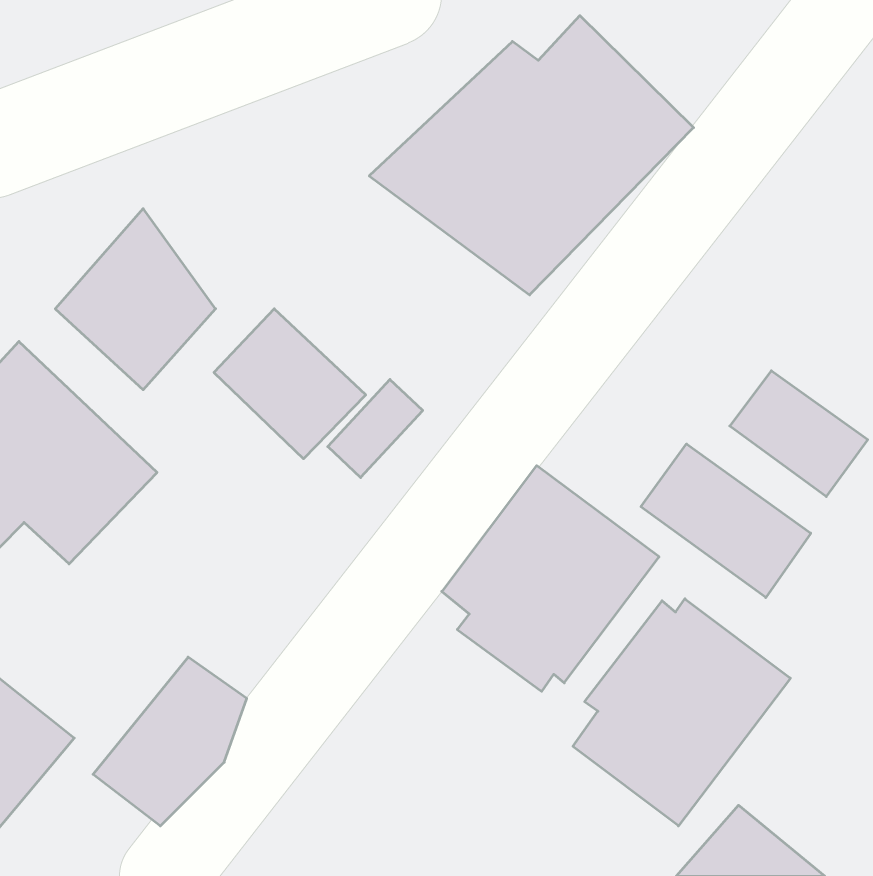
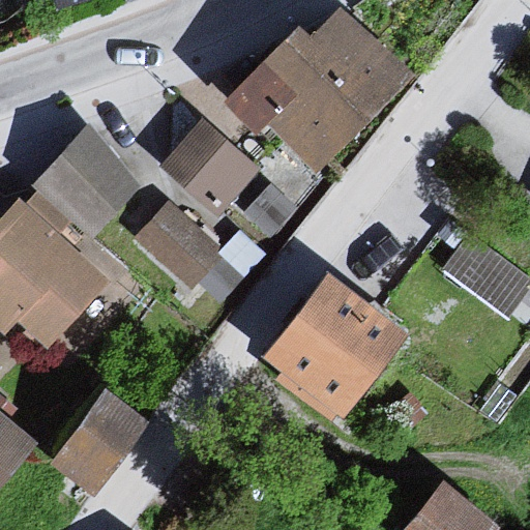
building: none -> [156,122,251,222]
building: [641,444,811,598] -> none
building: [573,599,790,826] -> none

